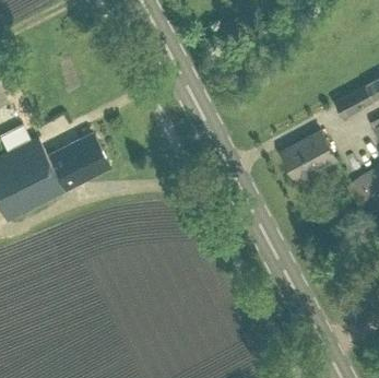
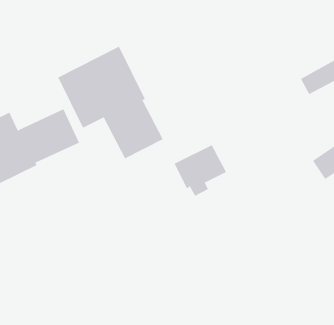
building: none -> [58,46,163,159]
building: [282,130,336,184] -> [174,144,227,197]

